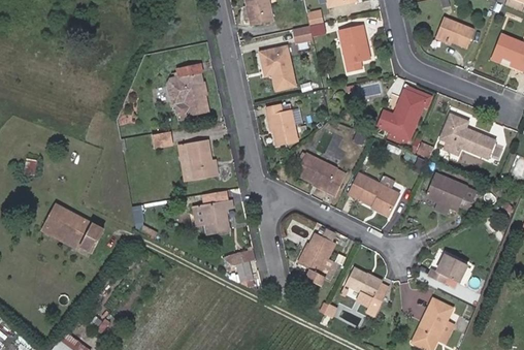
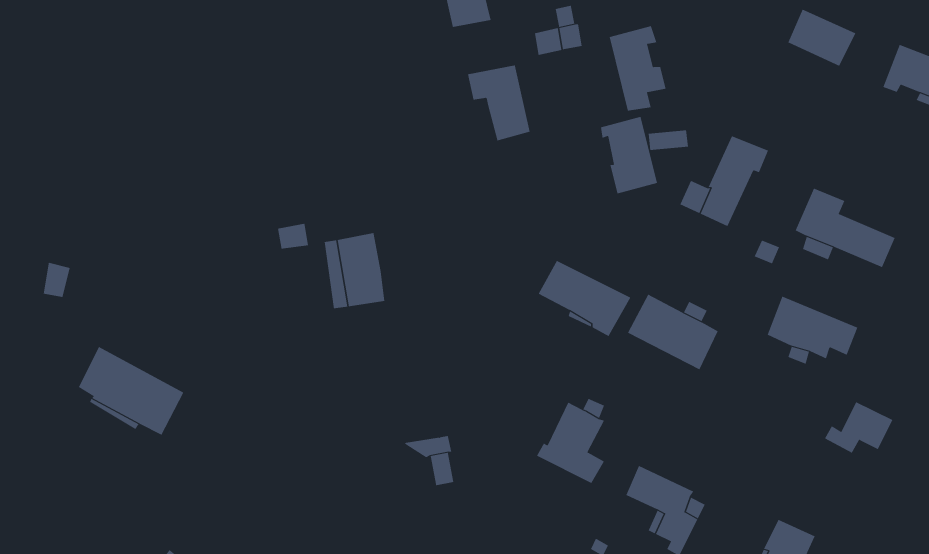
building: [174,65,209,118] -> none
building: [267,102,299,146] -> [600,116,658,194]
building: [192,191,232,235] -> none
building: [427,255,465,284] -> [824,401,893,454]

